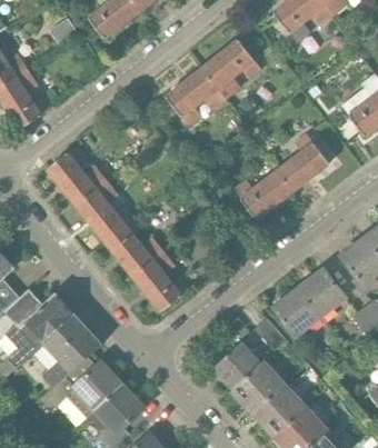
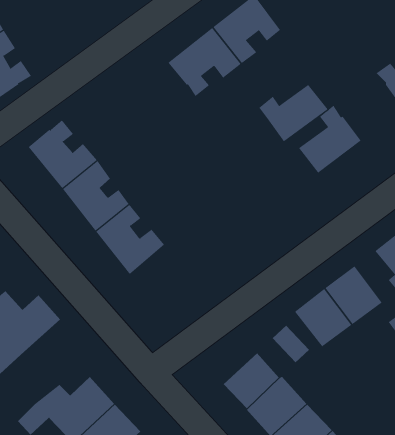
building: [233,170,292,219] -> [259,84,328,142]
building: [133,251,190,311] -> none
building: [42,315,101,386] -> none

